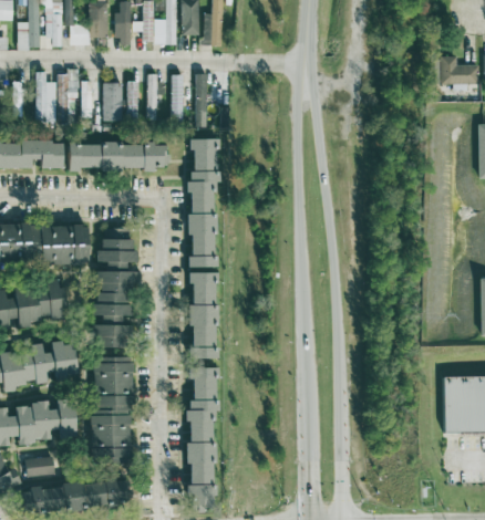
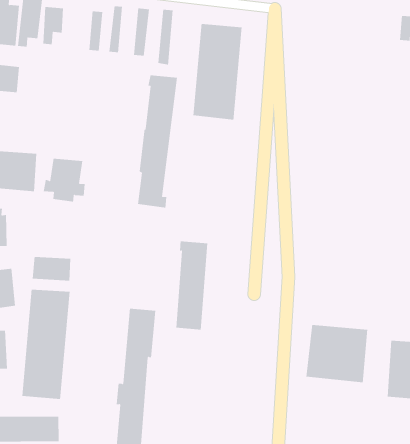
building: [103,82,123,129] -> none
building: none -> [193,23,242,120]
building: [66,143,169,168] -> none
building: [91,270,133,322] -> none
building: [187,272,216,357] -> [176,241,208,330]
building: none -> [306,324,368,383]

